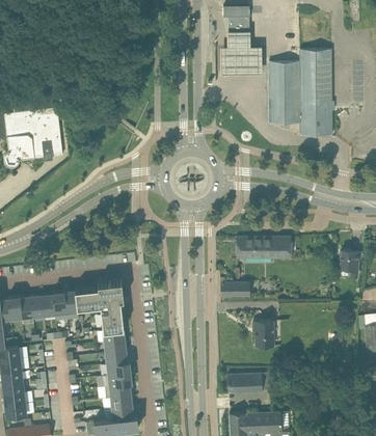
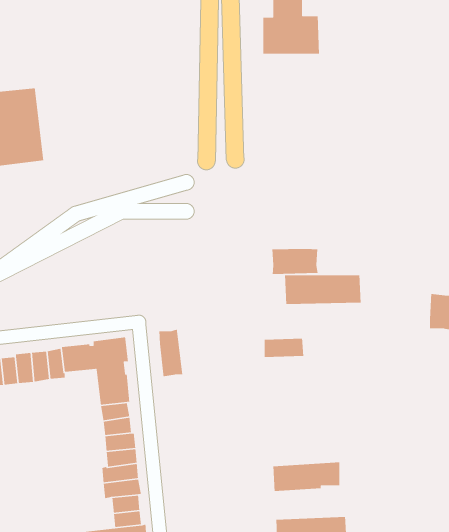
building: [269,49,332,134] -> none
building: none -> [271,248,319,275]
building: none -> [158,329,183,377]
building: [253,321,273,348] -> none

